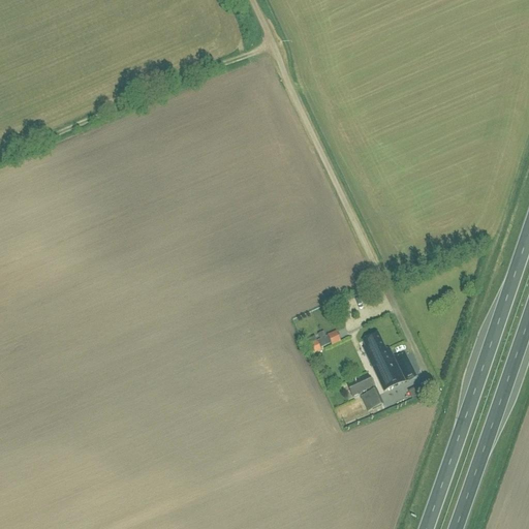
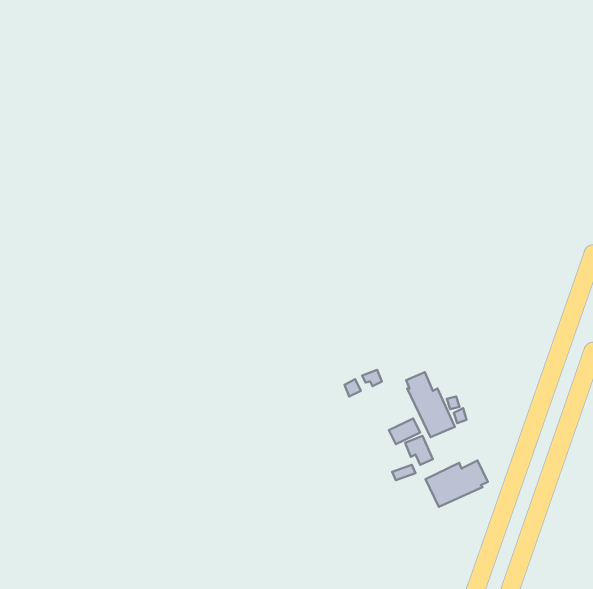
building: none -> [425,460,488,507]

